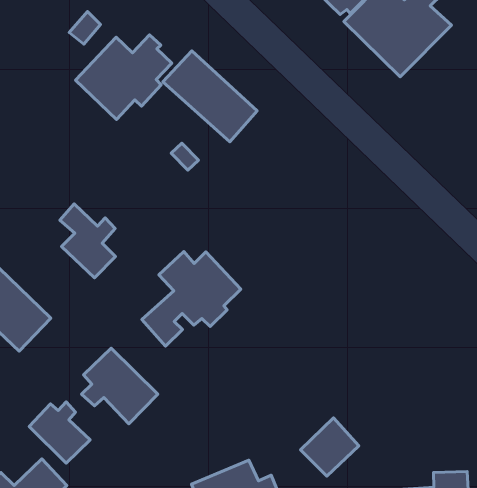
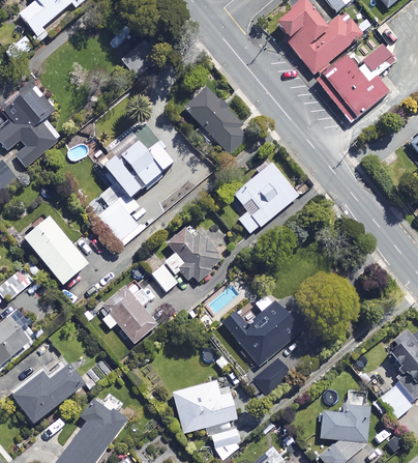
building: [75,35,172,119] -> [102,138,172,196]
building: none -> [234,163,299,235]
building: none -> [220,298,300,367]
building: [29,402,90,463] -> none

